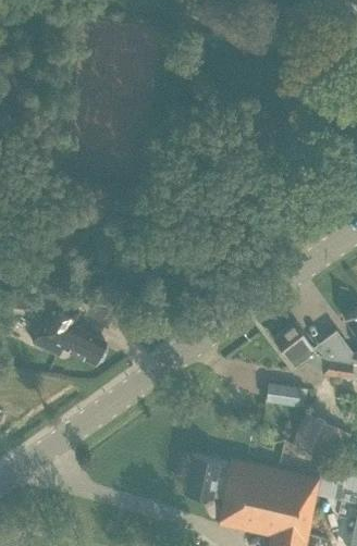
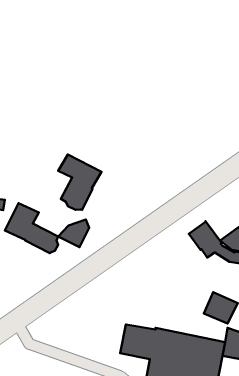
building: none -> [58,154,101,210]
building: none -> [58,220,89,247]
building: [264,385,307,409] -> none

